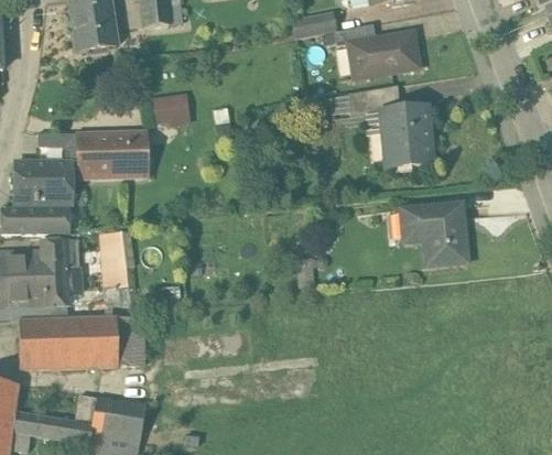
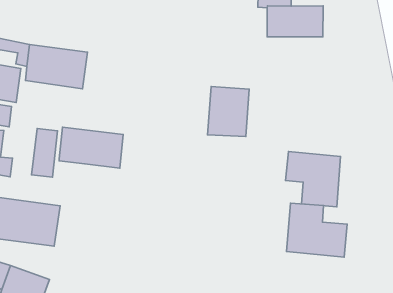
building: [153,93,192,123] -> none
building: [380,107,431,169] -> [208,86,249,137]
building: none -> [59,127,123,168]
building: none -> [287,203,347,257]

